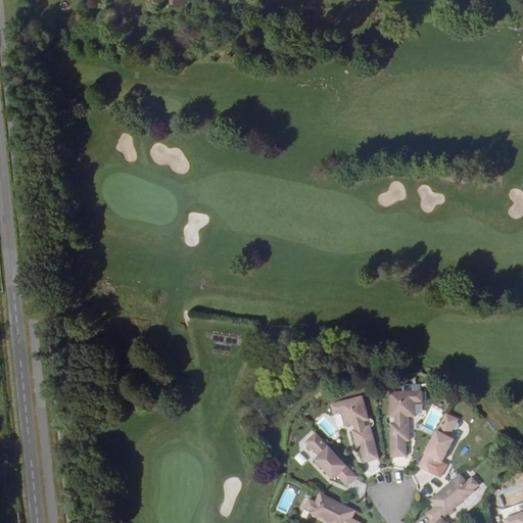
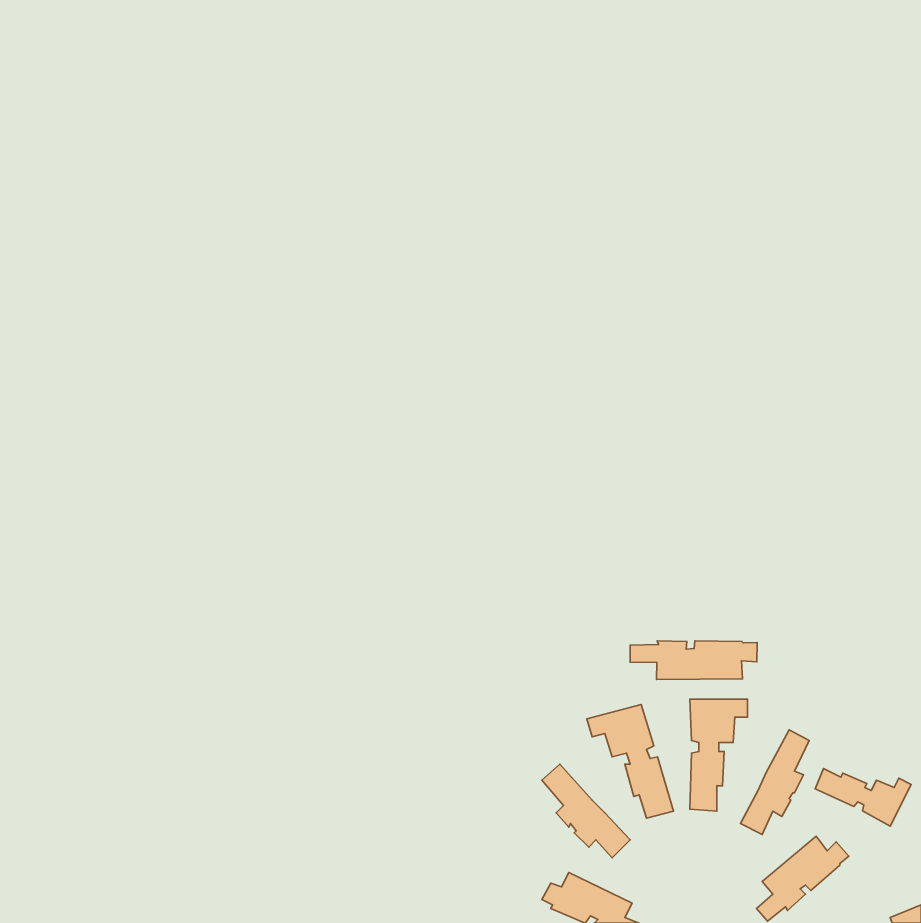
building: none -> [630,641,757,679]
building: none -> [815,768,911,826]

